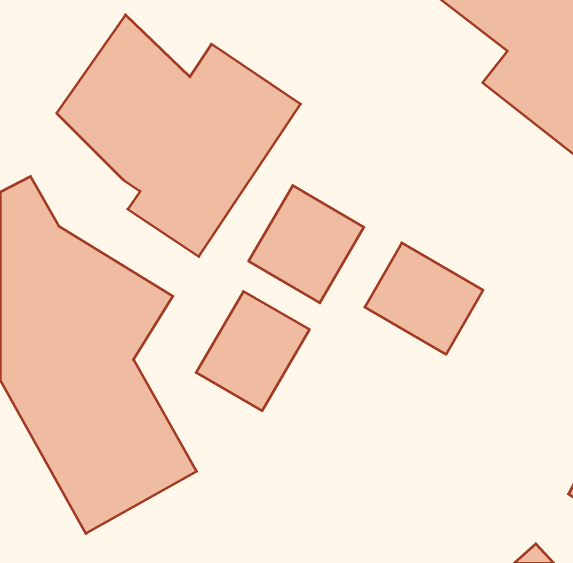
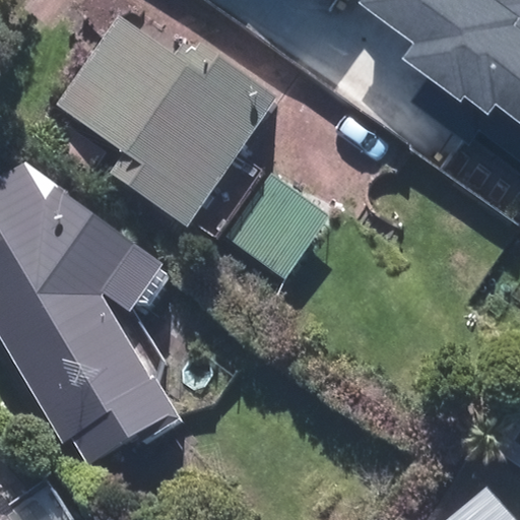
building: [365,243,483,354] -> none
building: [196,291,309,411] -> none

